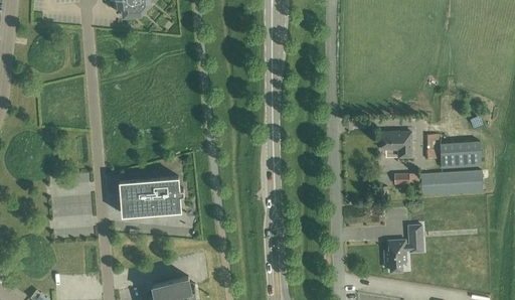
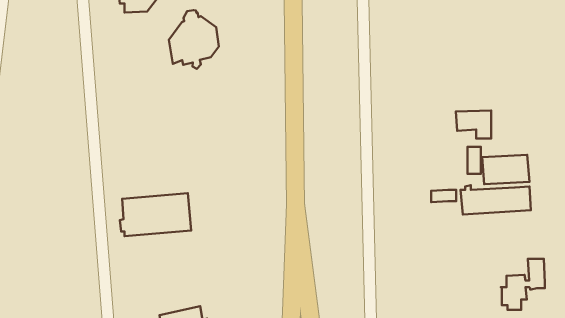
building: none -> [169,10,219,69]
building: [380,132,411,157] -> [456,110,491,139]
building: [383,226,422,271] -> [501,259,545,310]

